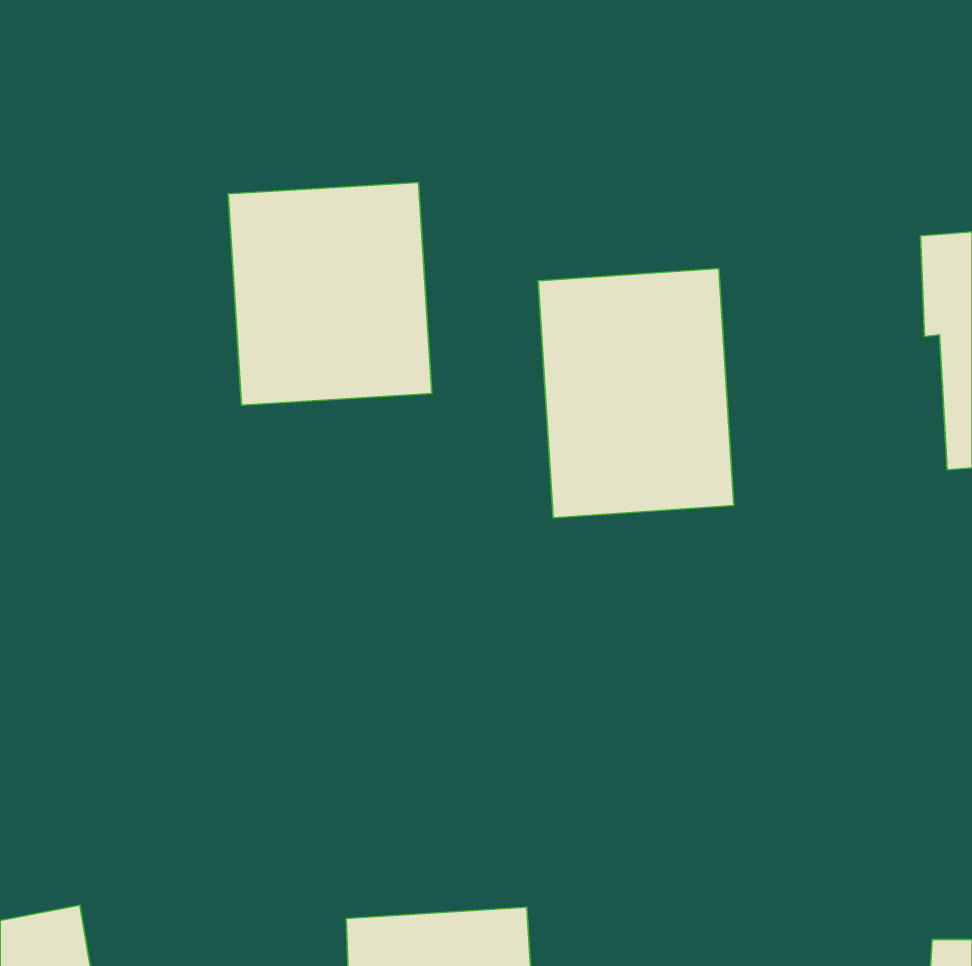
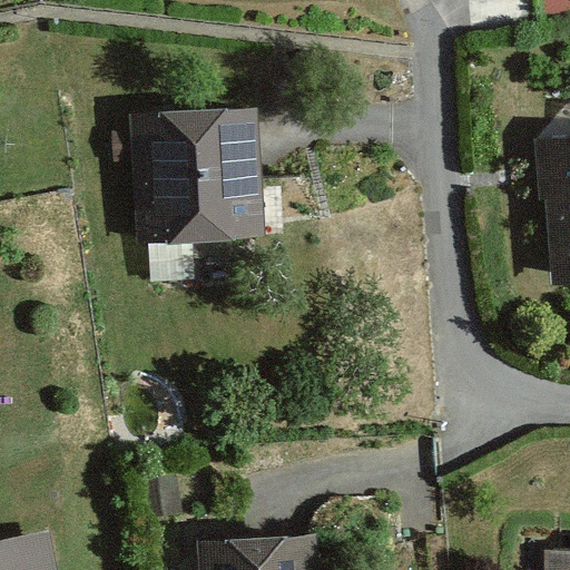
building: [538,269,734,518] -> none

